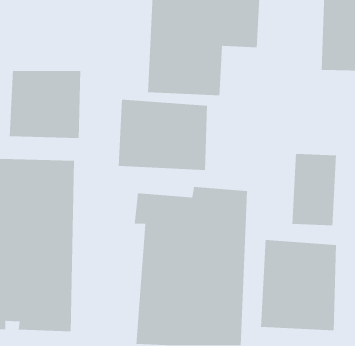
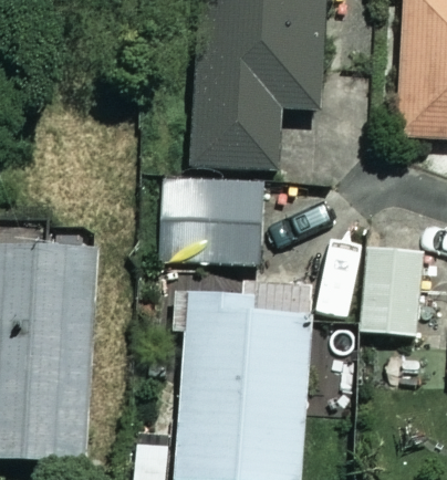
building: [9,70,81,139] -> none
building: [260,239,337,331] -> none

